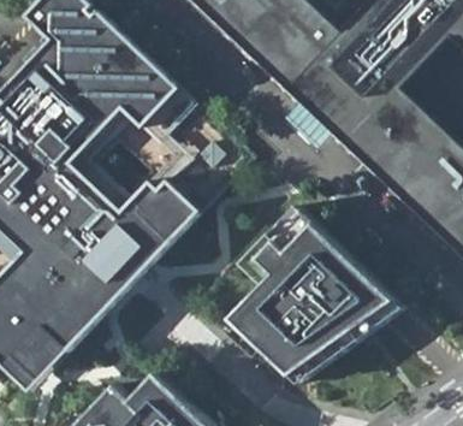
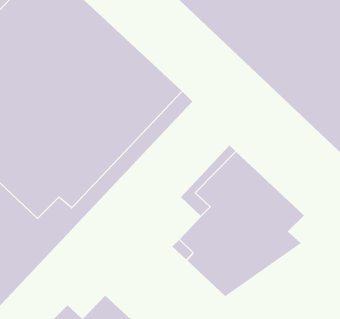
building: [289,282,402,381] -> none

